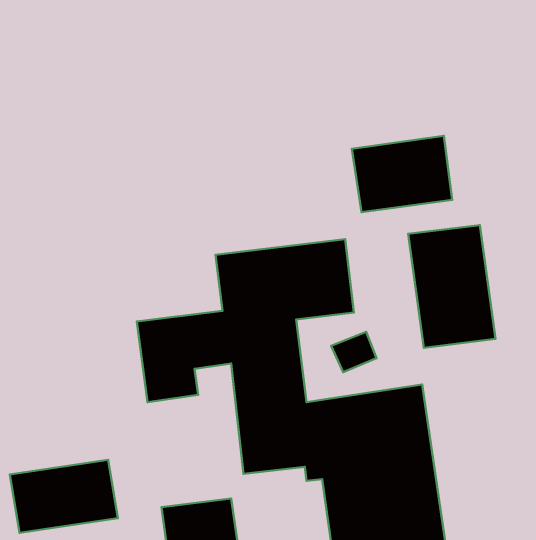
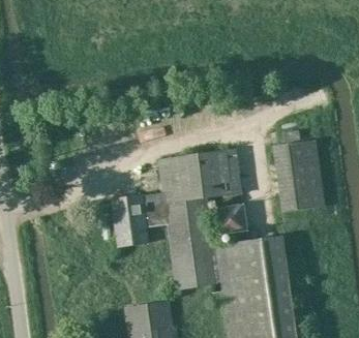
building: [352,136,452,212] -> none
building: [10,460,118,533] -> none

